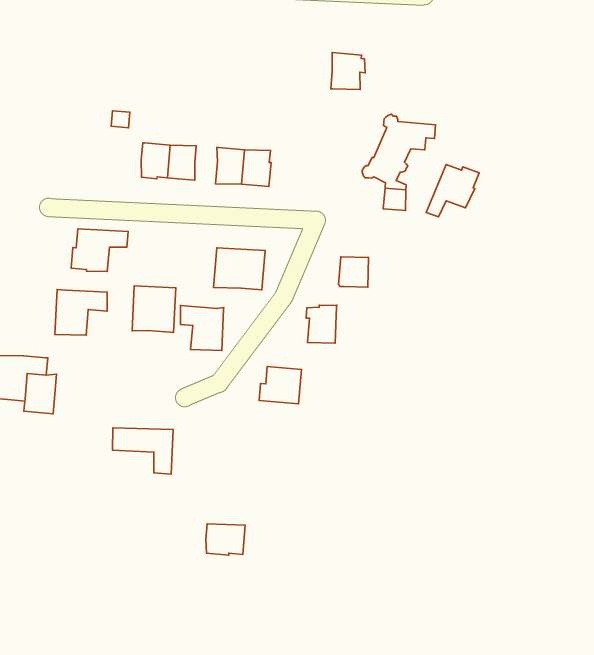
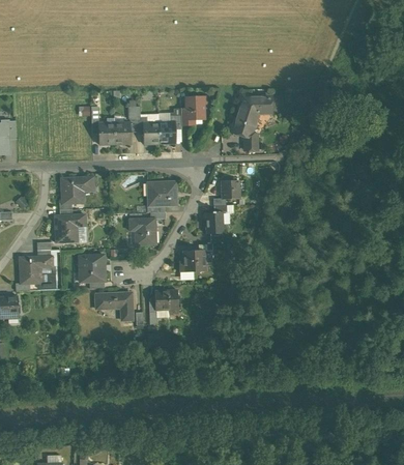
building: [331,53,365,90] -> [185,96,206,118]
building: [426,165,479,217] -> none
building: [132,286,176,333] -> [79,254,105,282]
building: [206,524,245,555] -> [154,289,177,308]

